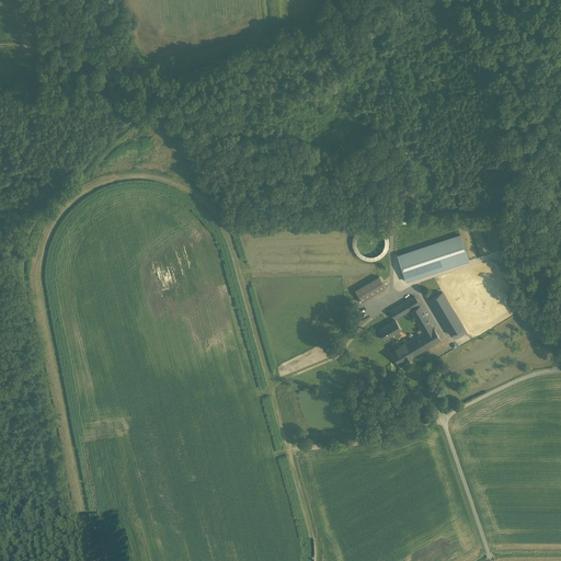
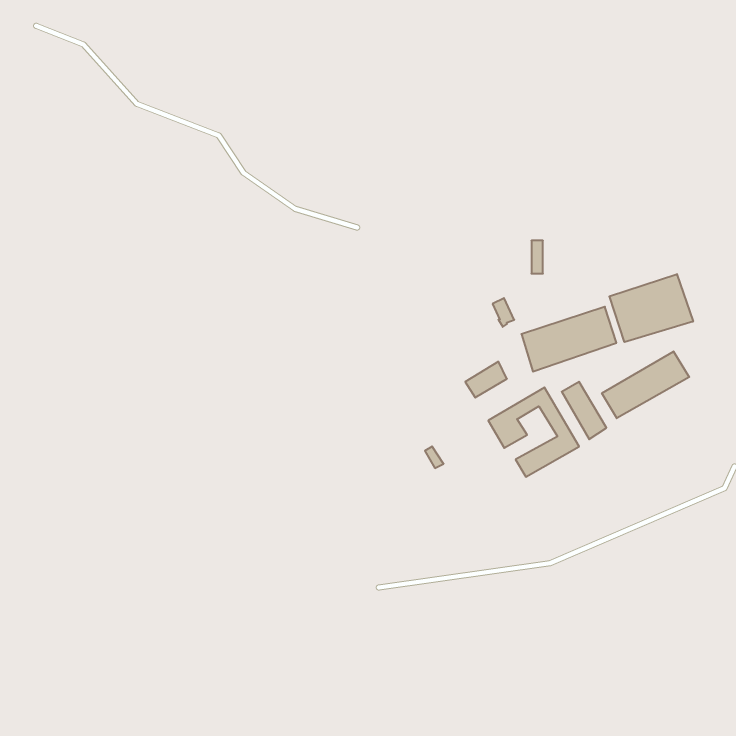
building: none -> [609,274,693,342]
building: none -> [602,351,689,418]

